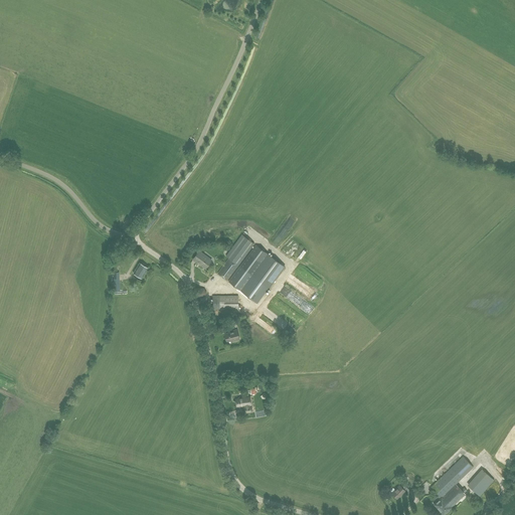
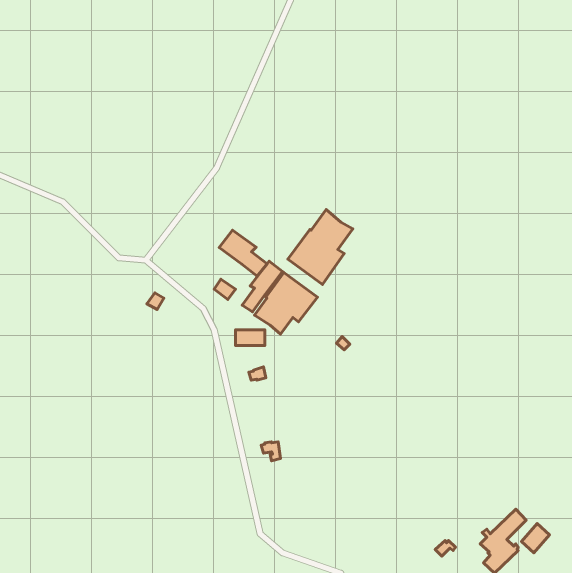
building: none -> [288,210,353,284]
building: none -> [219,230,267,276]

